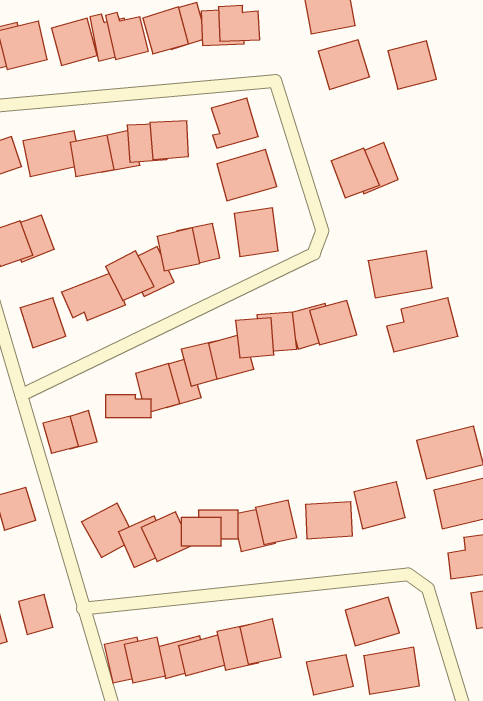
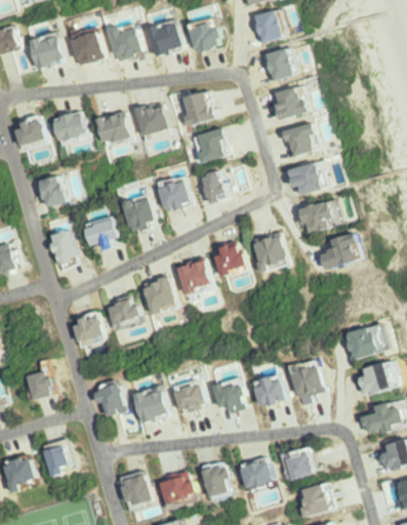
building: [388,41,436,89] -> [272,83,307,118]
building: none -> [283,159,328,195]
building: [306,655,353,695] -> [239,457,273,486]

